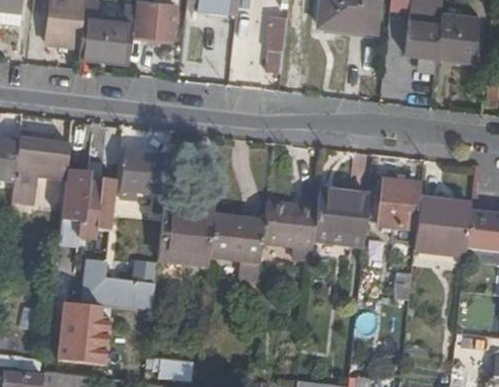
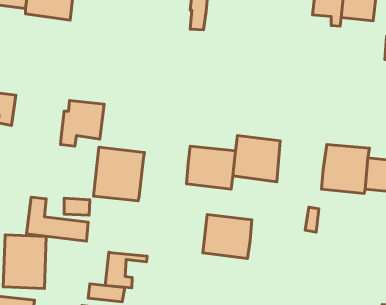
building: [60,170,115,232] -> none
building: [379,179,424,228] -> none
building: [209,215,265,264] -> [203,215,252,258]
building: none -> [105,252,147,288]

